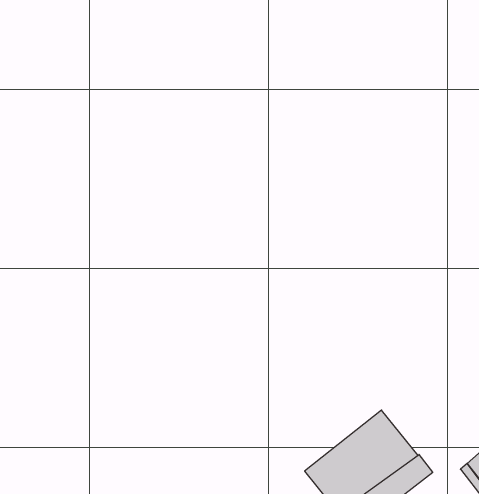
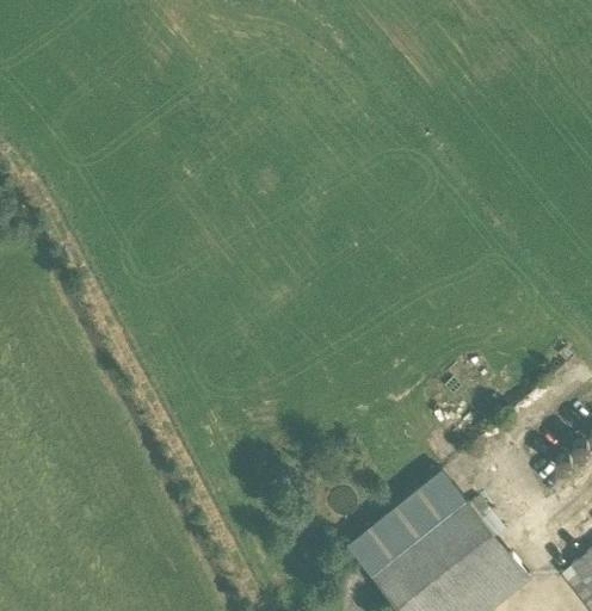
building: none -> [350,471,467,576]

